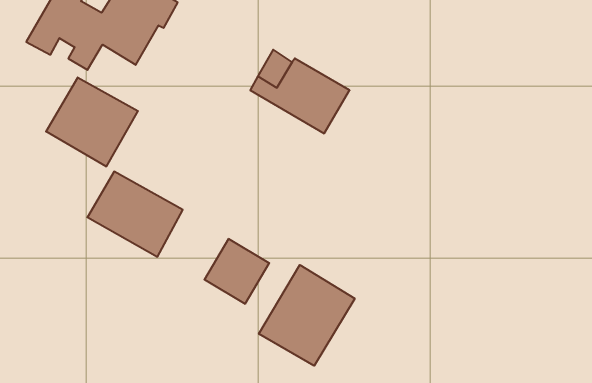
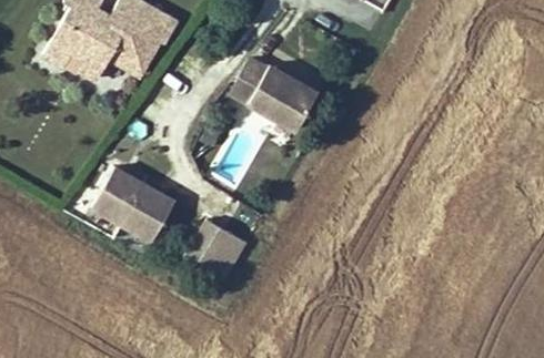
building: [46,77,138,167] -> none
building: [259,265,355,366] -> none

